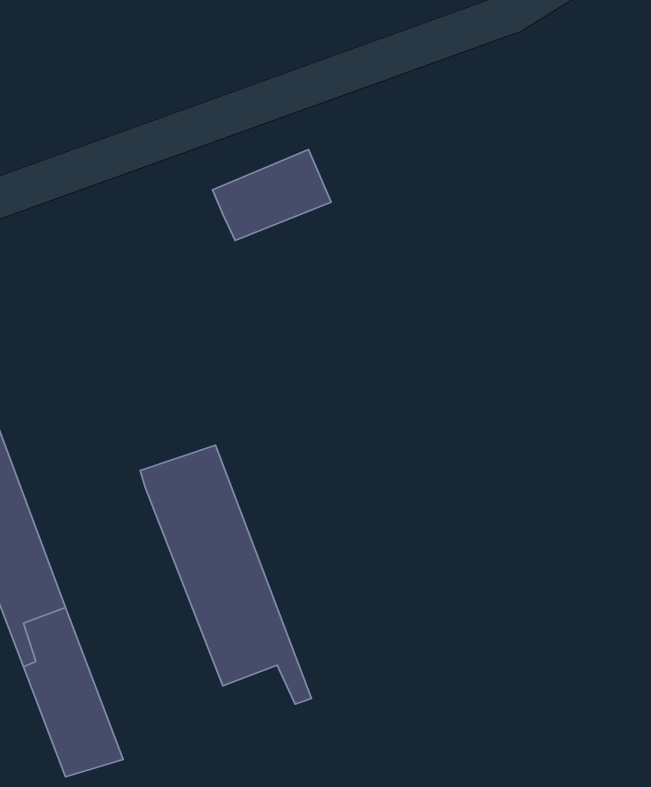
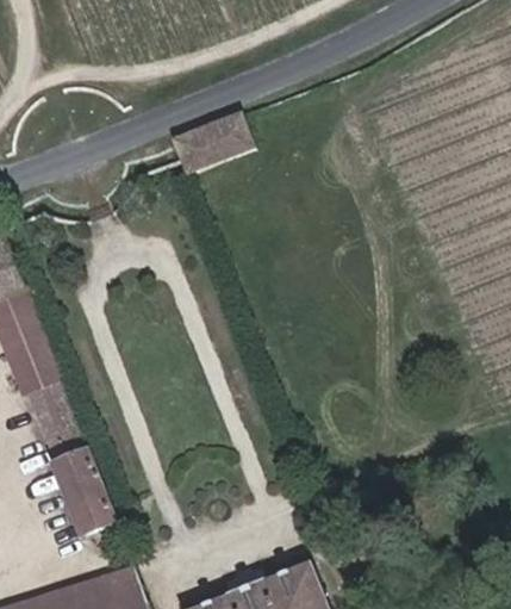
building: [140,445,311,704] -> none

